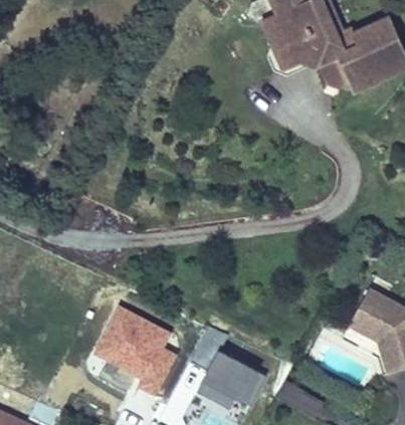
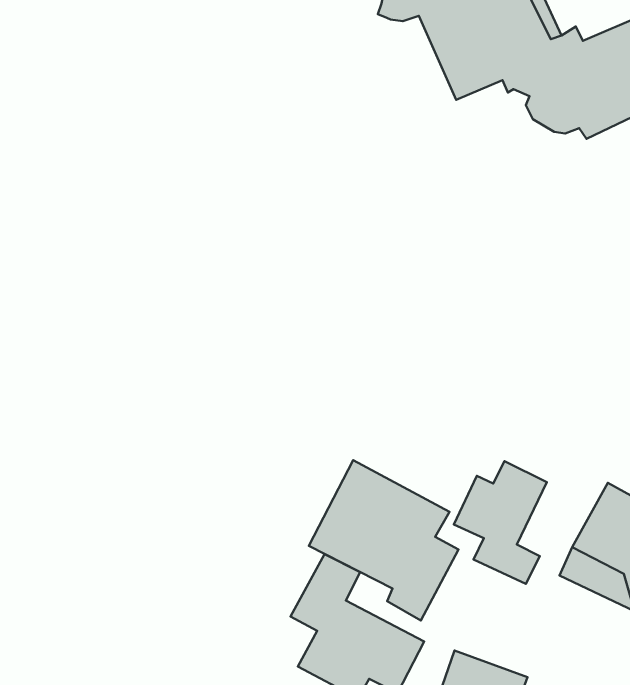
building: none -> [454,461,547,584]
building: [92,304,177,395] -> [309,460,458,621]

